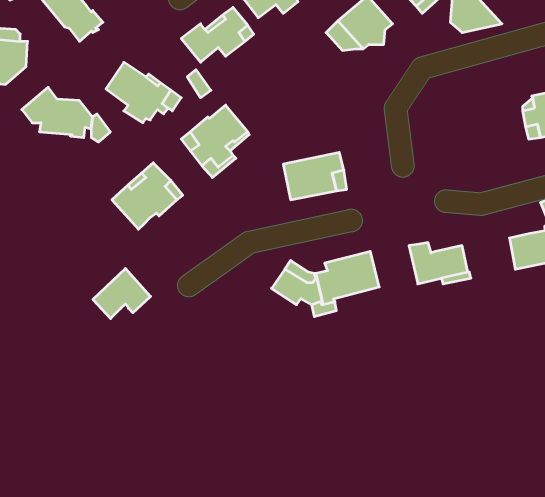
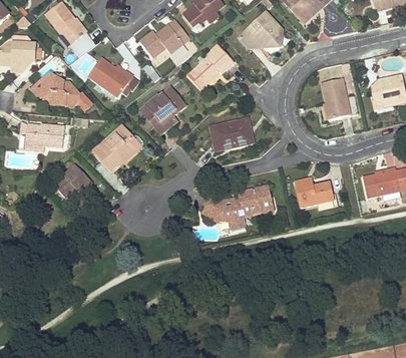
building: none -> [191,42,233,82]
building: none -> [321,77,350,119]
building: none -> [26,123,64,151]
building: [93,268,151,319] -> [52,162,91,197]

